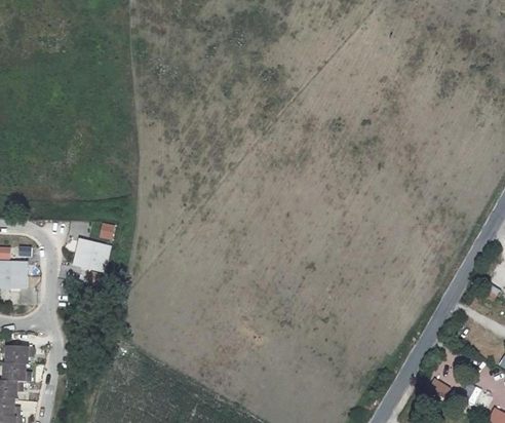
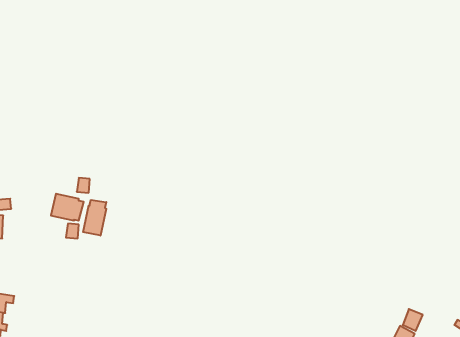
building: none -> [83,200,106,236]

